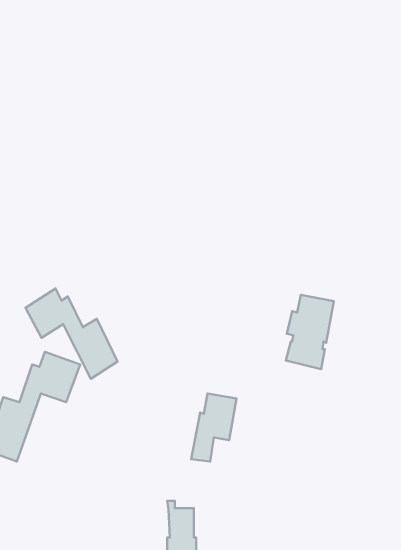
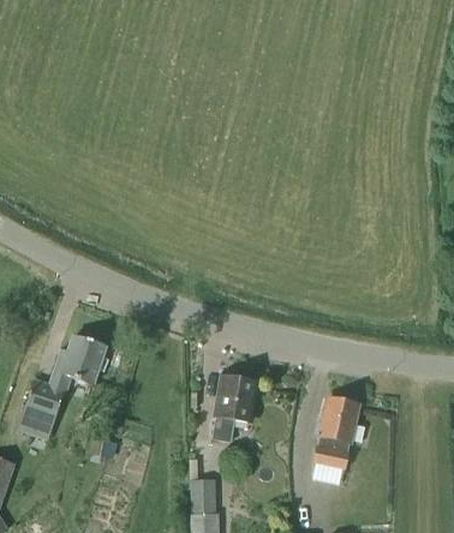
building: [26,288,118,379] -> none
building: [286,295,334,369] -> [312,399,358,469]

